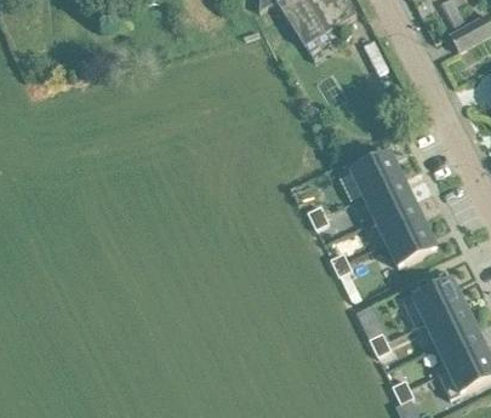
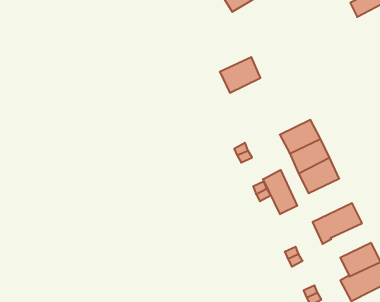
building: [352,150,401,194] -> [220,57,260,93]
building: none -> [263,170,297,214]
building: [426,302,475,344] -> none

